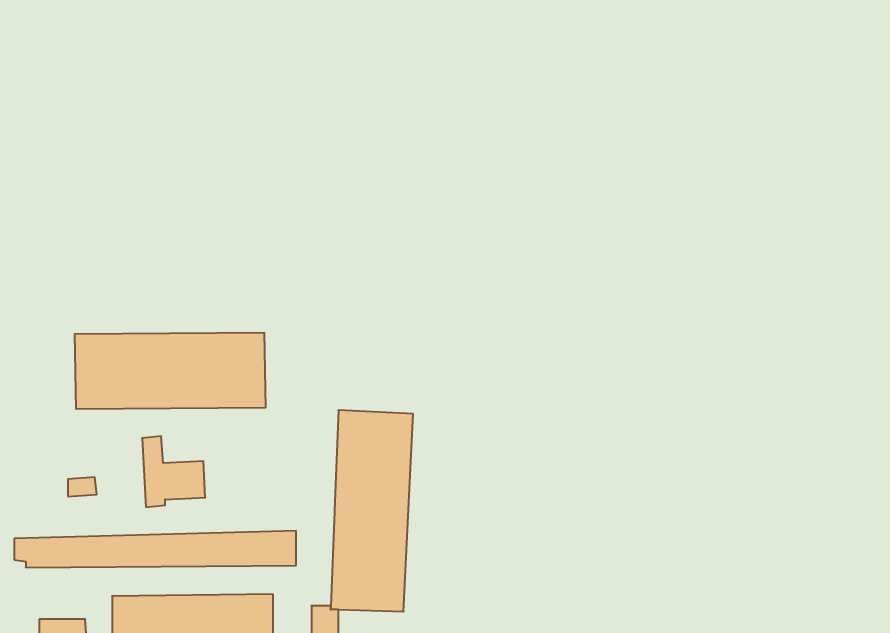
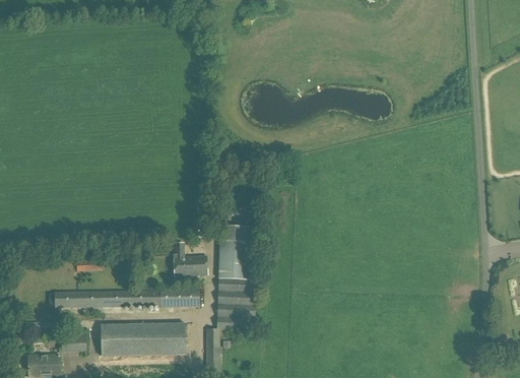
building: [75,333,266,409] -> none
building: [142,436,205,507] -> [173,241,206,278]

